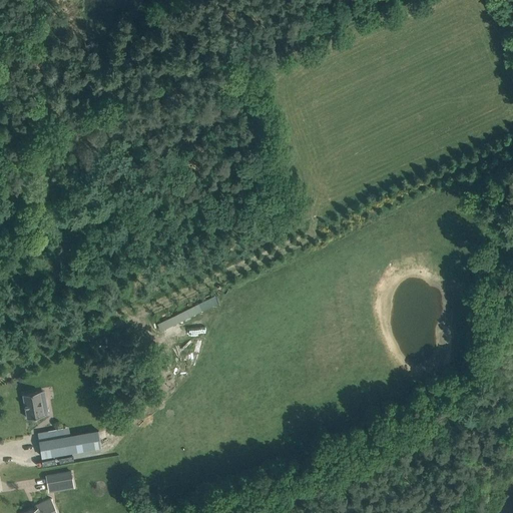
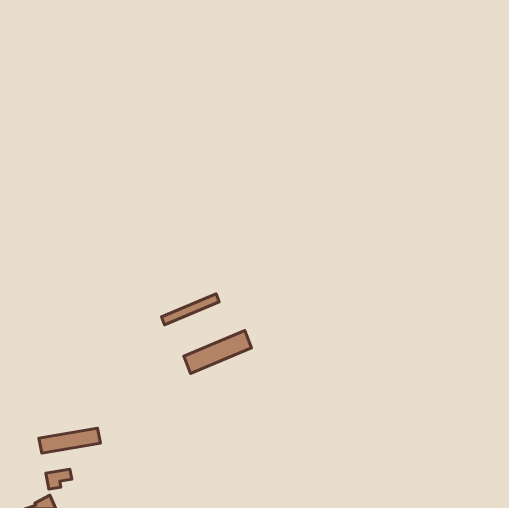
building: none -> [184,331,251,373]
building: [23,392,49,419] -> none

